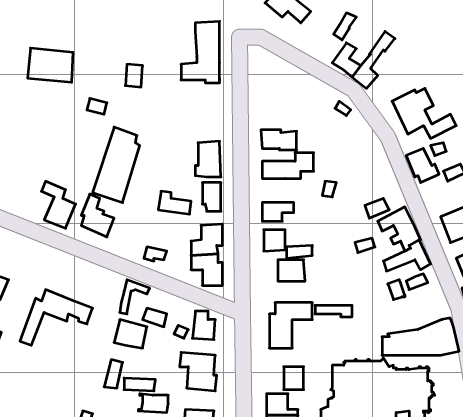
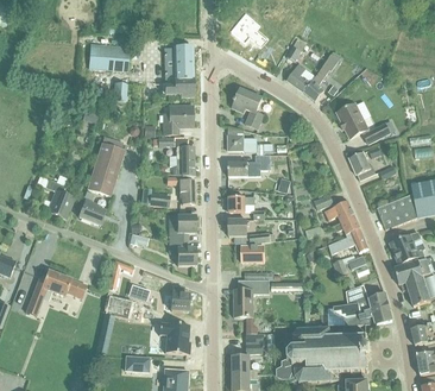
building: [28,48,73,82] -> [89,42,127,70]
building: none -> [232,88,264,128]
building: none -> [163,105,193,134]

